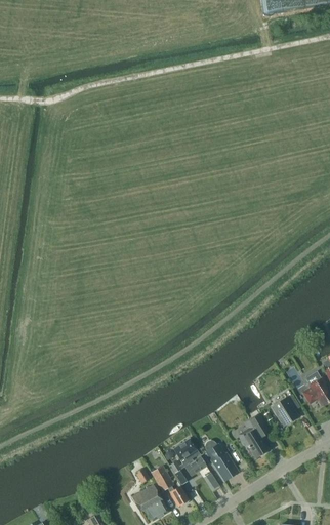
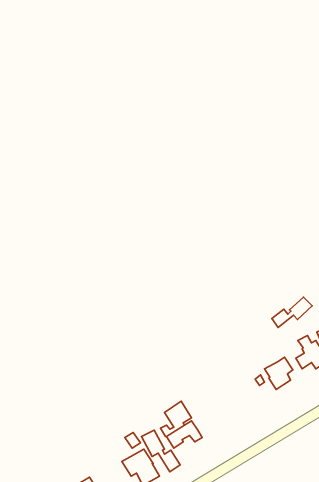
building: none -> [272,297,312,327]
building: [241,415,270,458] -> none
building: [204,441,237,482] -> none

